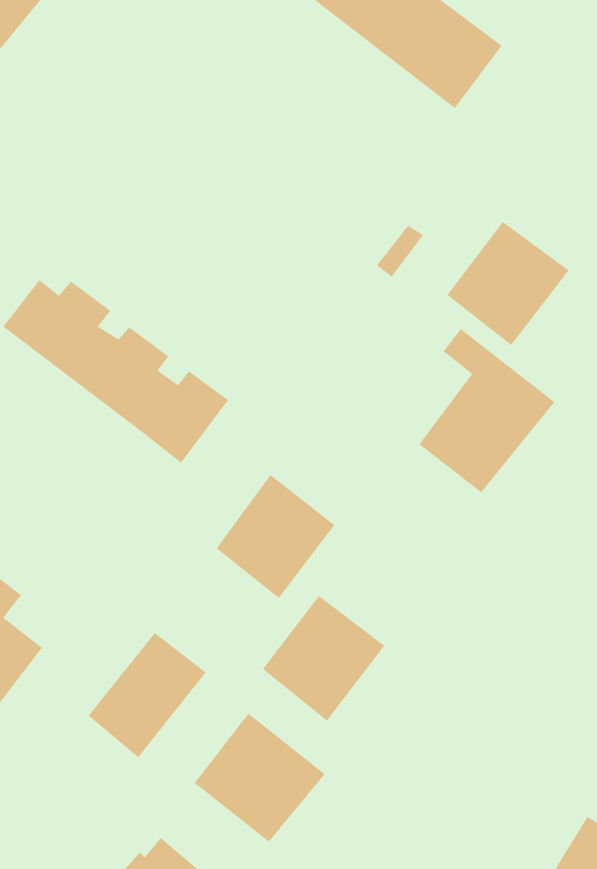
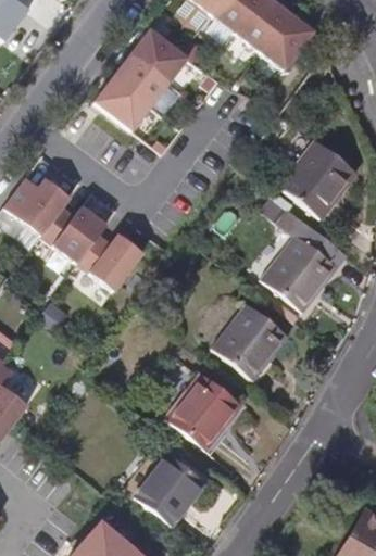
building: none -> [95,29,188,131]
building: [216,474,335,599] -> [212,303,286,380]
building: [88,632,207,758] -> none

